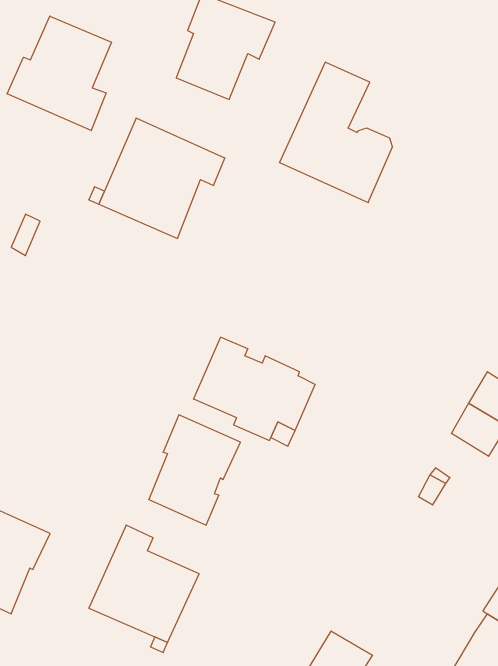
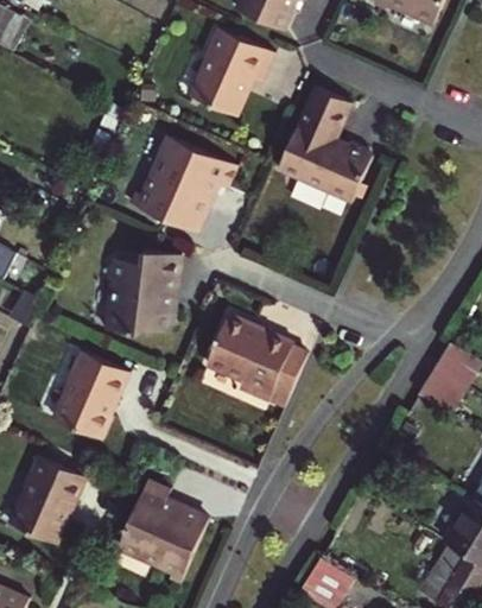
building: [7,16,111,131] -> none
building: none -> [85,246,165,330]
building: [149,415,240,525] -> [56,350,132,442]

